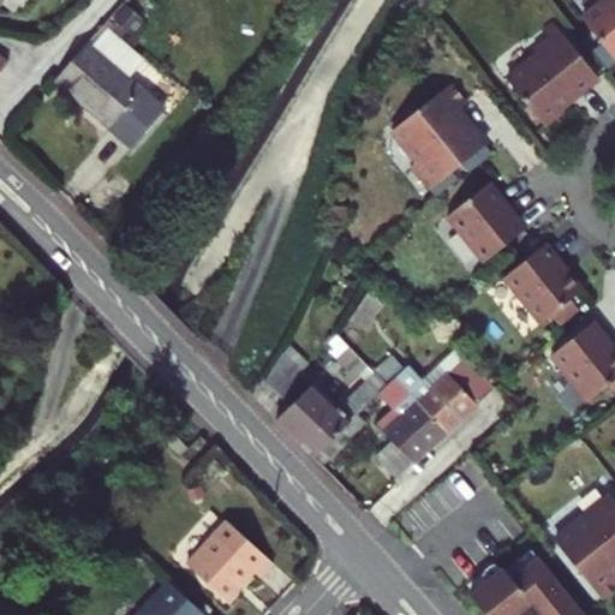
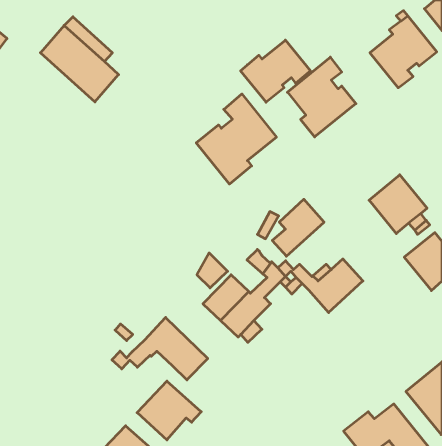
building: none -> [241,40,310,102]
building: none -> [196,94,276,184]
building: [448,183,527,262] -> none
building: [378,400,449,478] -> [272,199,324,256]
building: none -> [112,317,208,380]

